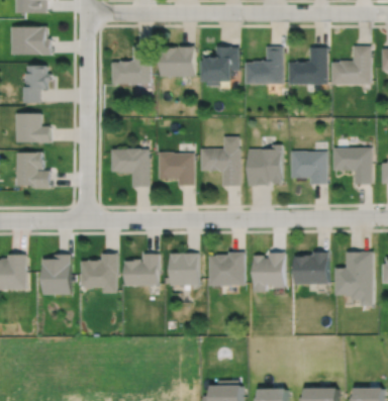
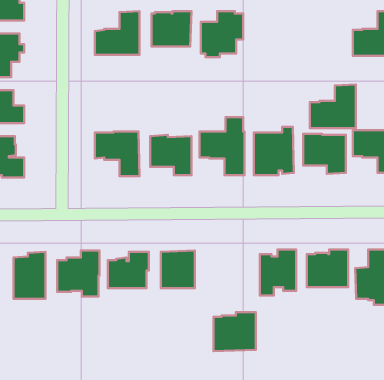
building: [245,47,284,85] -> none
building: [288,47,327,85] -> [310,84,356,128]
building: [207,250,244,284] -> [213,312,256,351]

